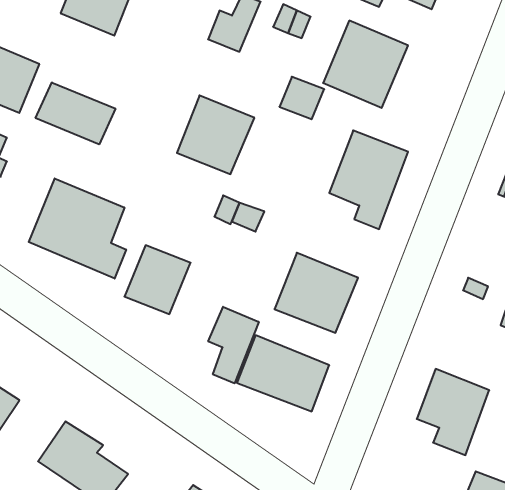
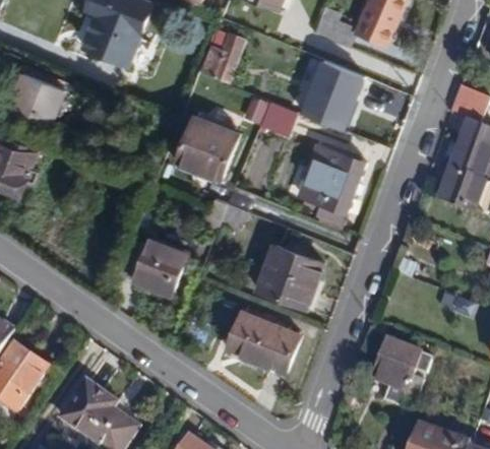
building: [36,82,115,144] -> none
building: [29,178,126,279] -> none
building: [208,307,259,383] -> none

